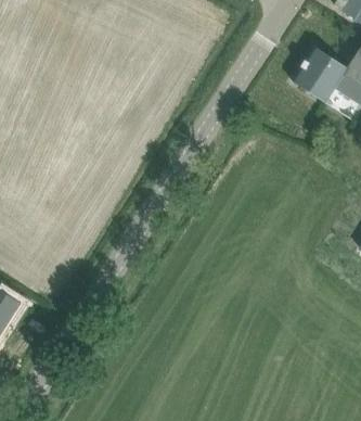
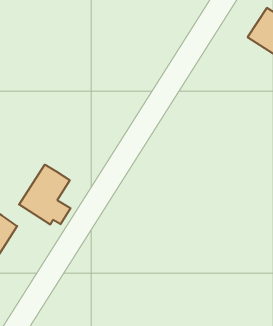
building: none -> [19,165,70,225]

